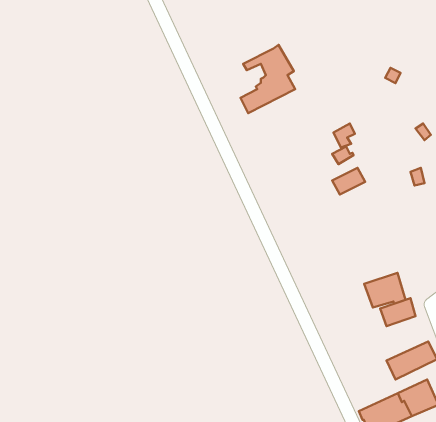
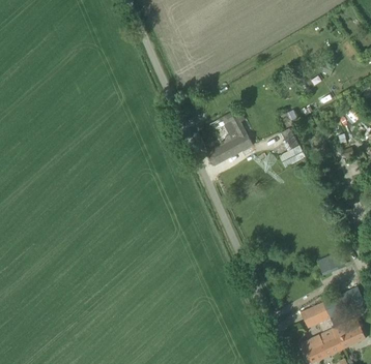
building: [241,45,295,113] -> [207,110,252,165]
building: [364,273,405,308] -> none
building: none -> [301,303,330,328]

